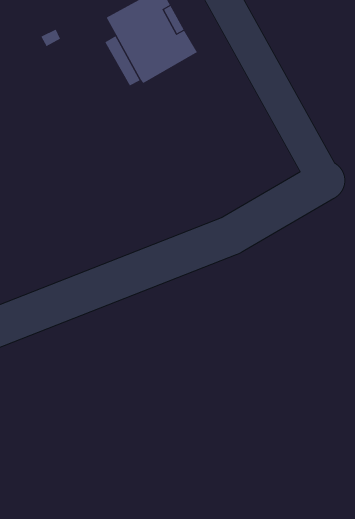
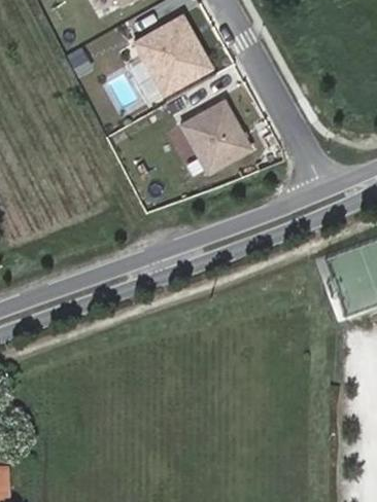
building: none -> [175,91,246,163]

